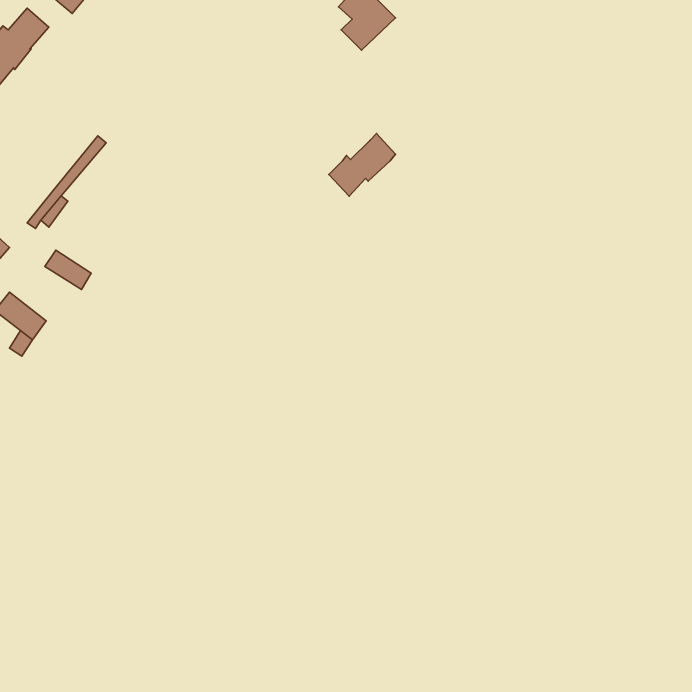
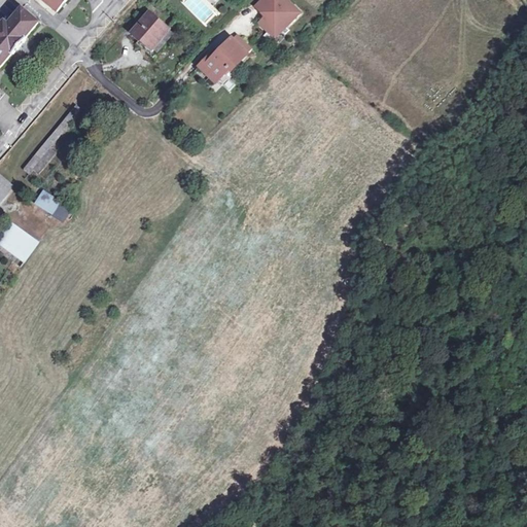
building: none -> [131,11,172,57]
building: [329,134,396,196] -> [199,33,249,80]

